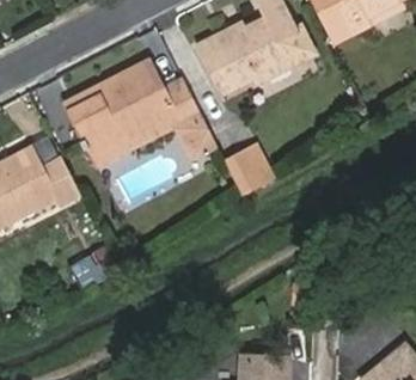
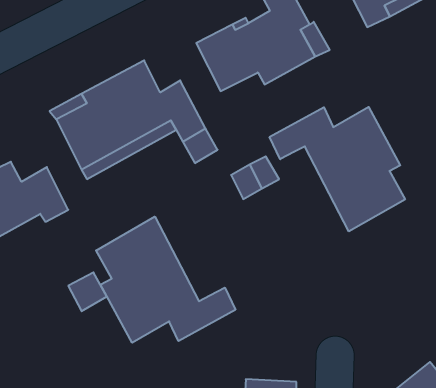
building: none -> [270,107,405,231]
building: none -> [96,217,235,343]

